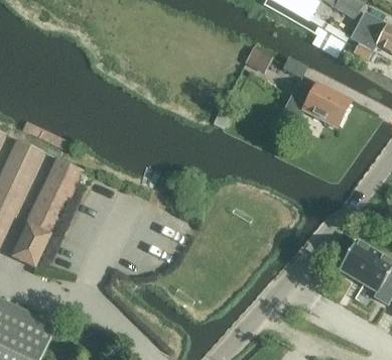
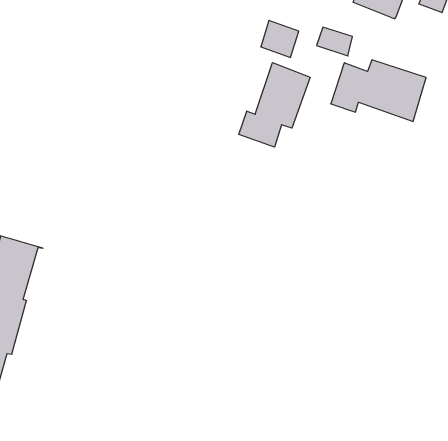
building: none -> [239,63,310,147]

